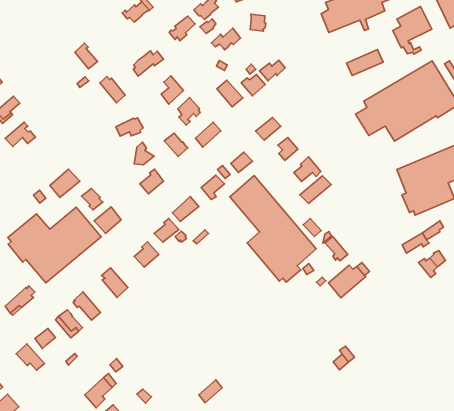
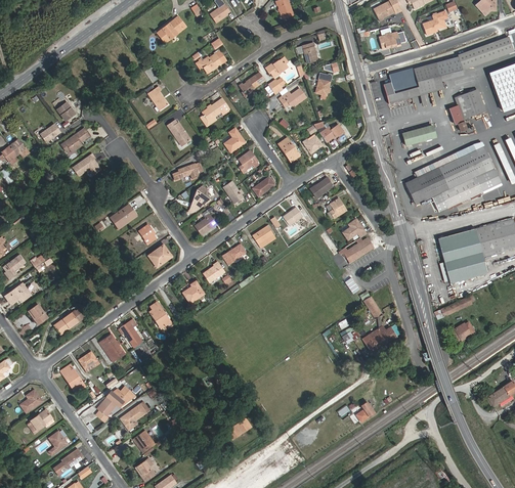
building: [230,175,316,282] -> none
building: [8,207,101,283] -> none
building: none -> [98,390,135,420]

